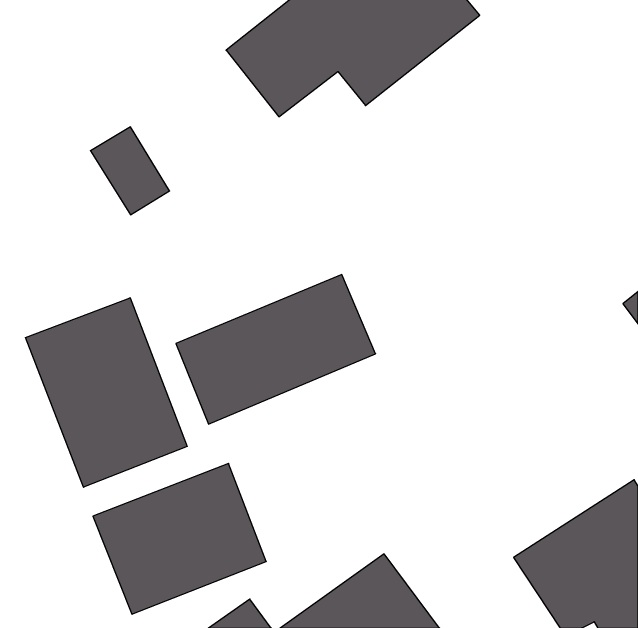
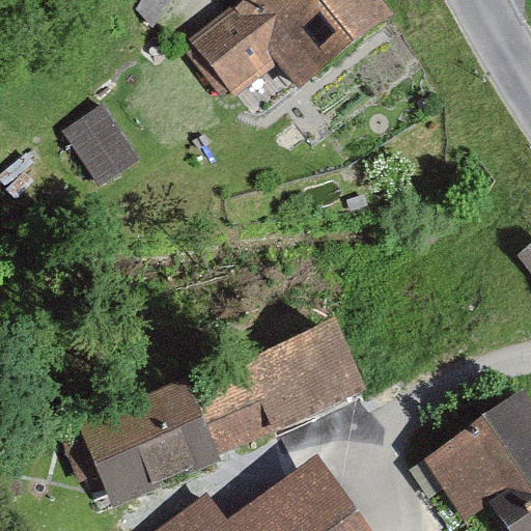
building: [176,275,376,424] -> [196,327,361,450]
building: [25,298,187,487] -> none

